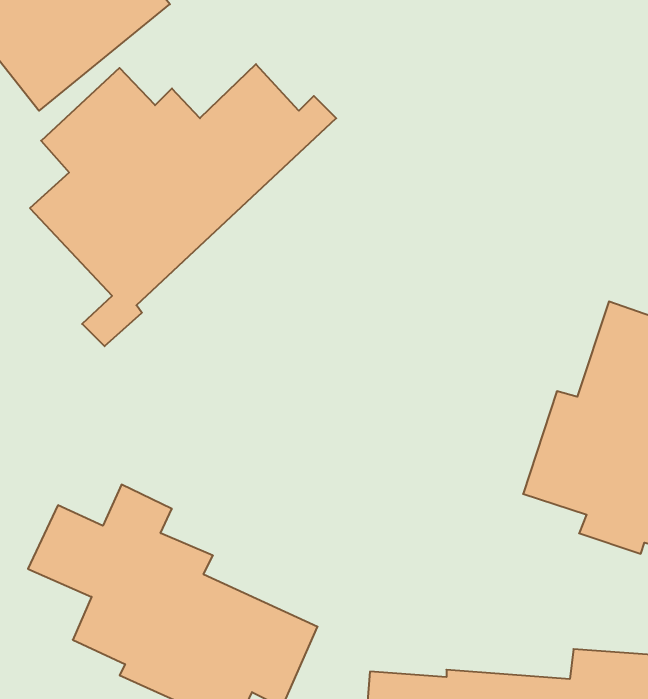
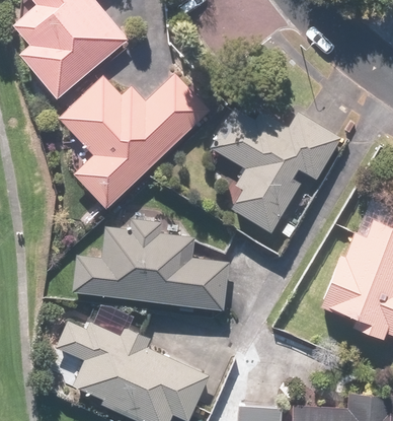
building: none -> [209,104,340,244]
building: none -> [73,221,230,310]

